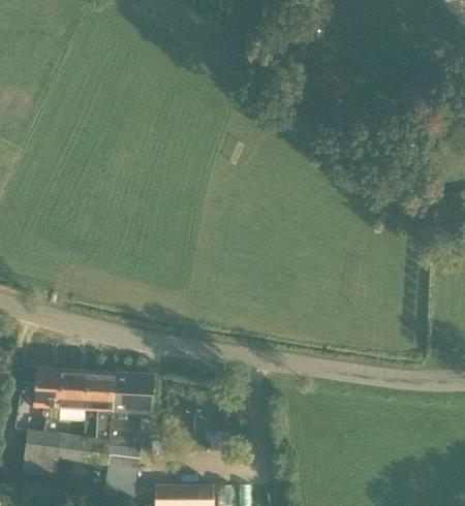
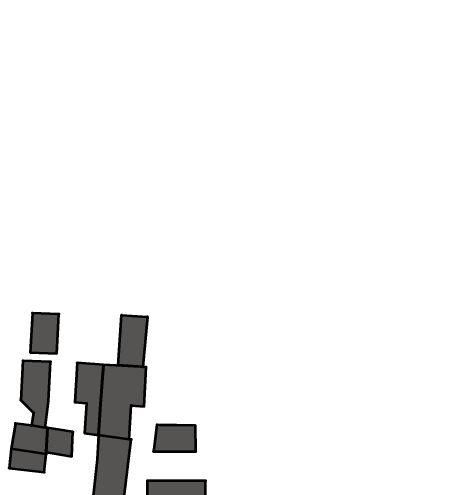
building: none -> [118,315,147,367]
building: [60,370,88,409] -> [30,313,59,353]
building: none -> [154,425,196,452]
building: [83,438,108,465] -> none

